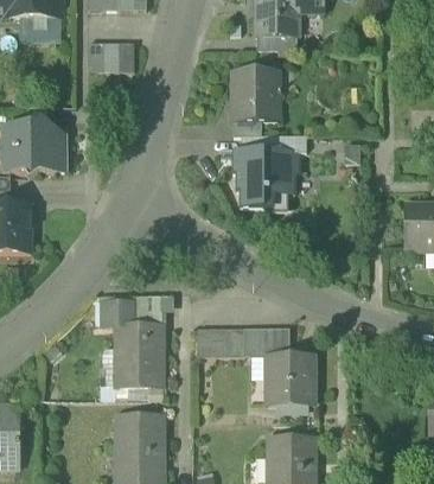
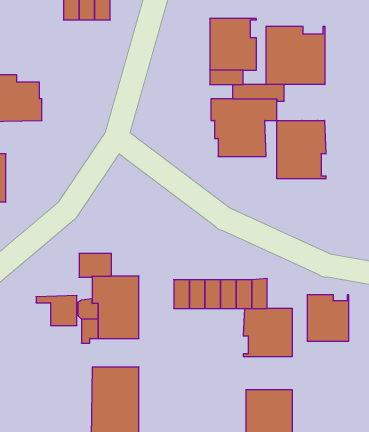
building: none -> [266,26,325,85]
building: none -> [277,120,326,179]
building: [121,295,161,325] -> [36,296,77,325]
building: none -> [307,295,348,341]

